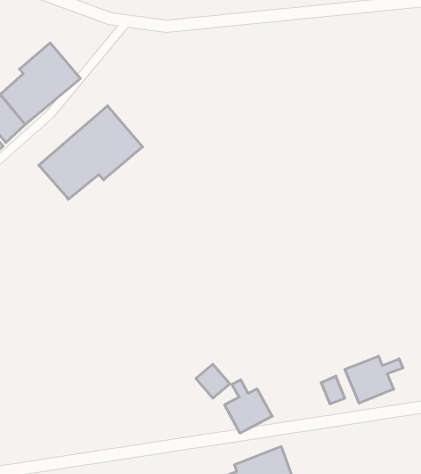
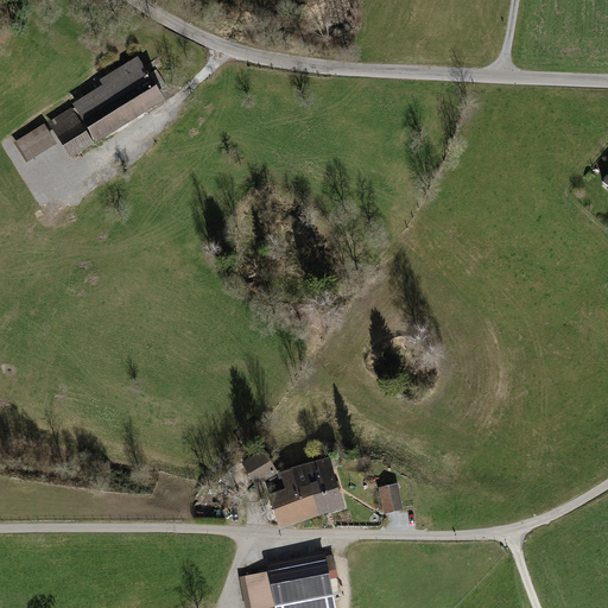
building: [39,106,143,199] -> none
building: [345,356,403,403] -> none
building: none -> [290,455,344,514]

